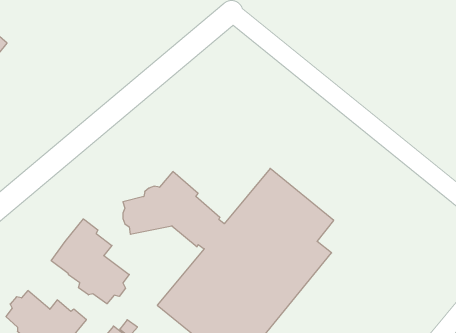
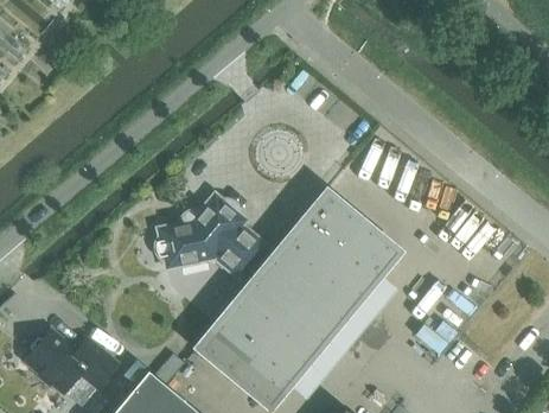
building: [51,219,129,304] -> none

